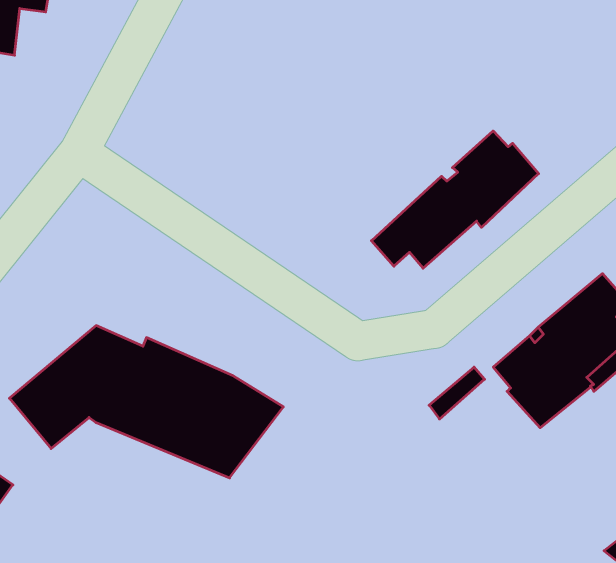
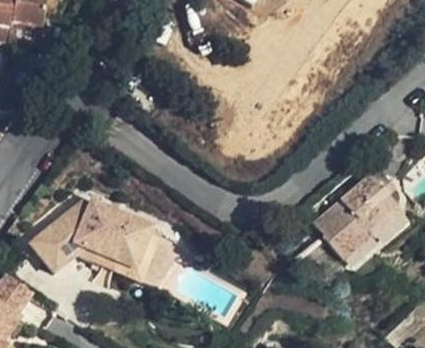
building: [371,131,539,268] -> none

